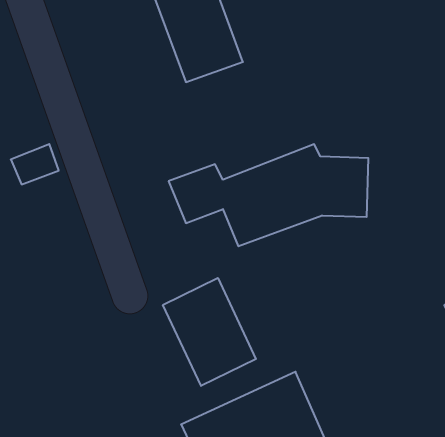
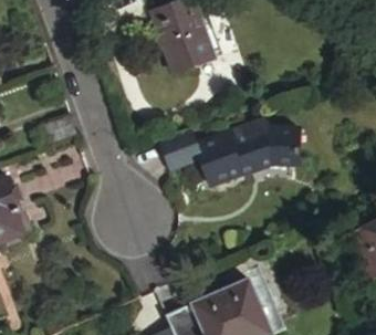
building: [163,278,256,386] -> none

